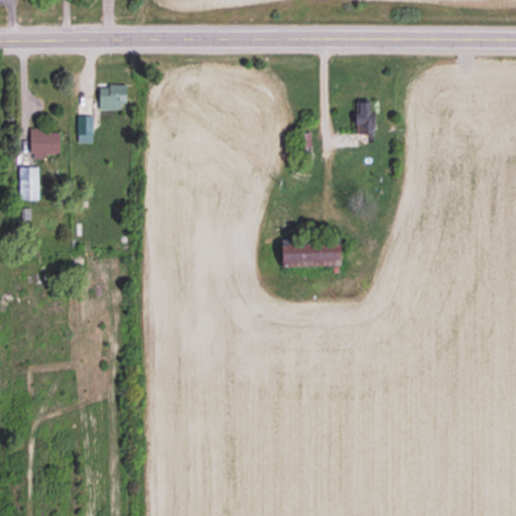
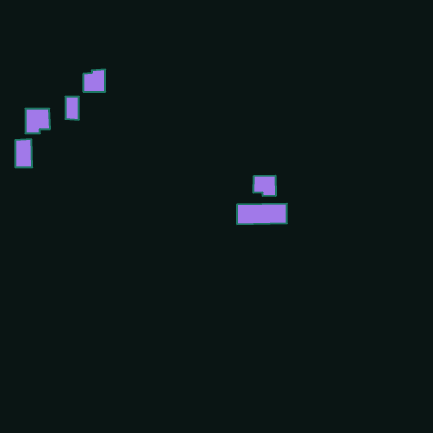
building: [356,102,378,135] -> none
building: none -> [253,176,276,196]

